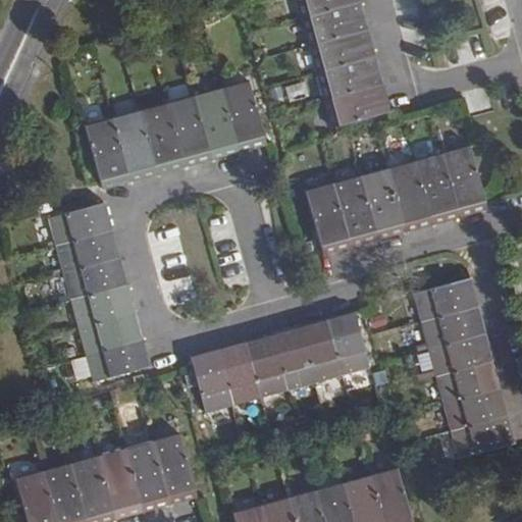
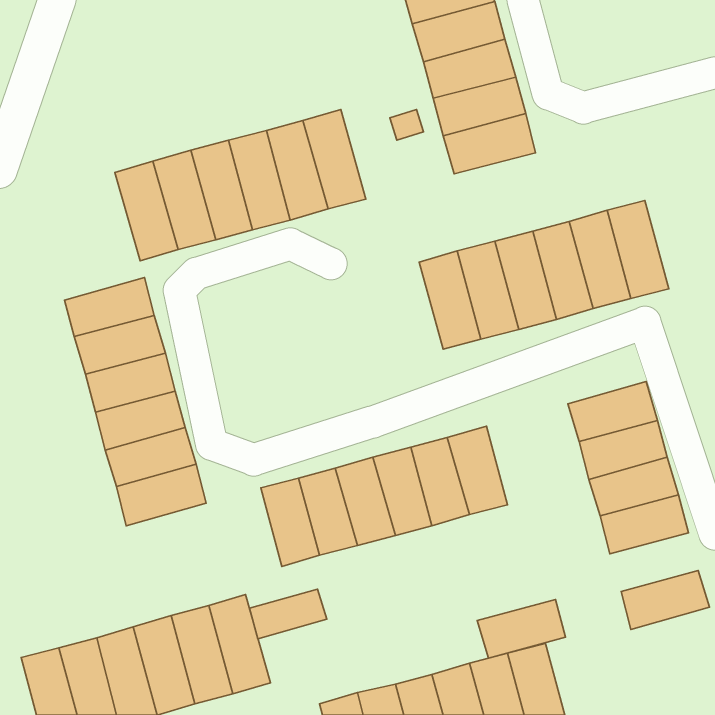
building: [443,387,508,430] -> [477,599,565,658]
building: none -> [250,589,327,639]

